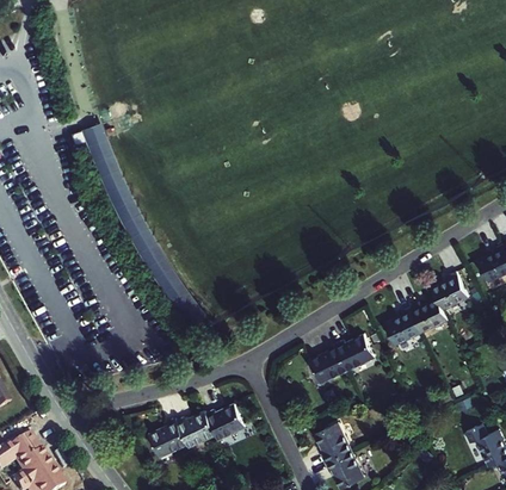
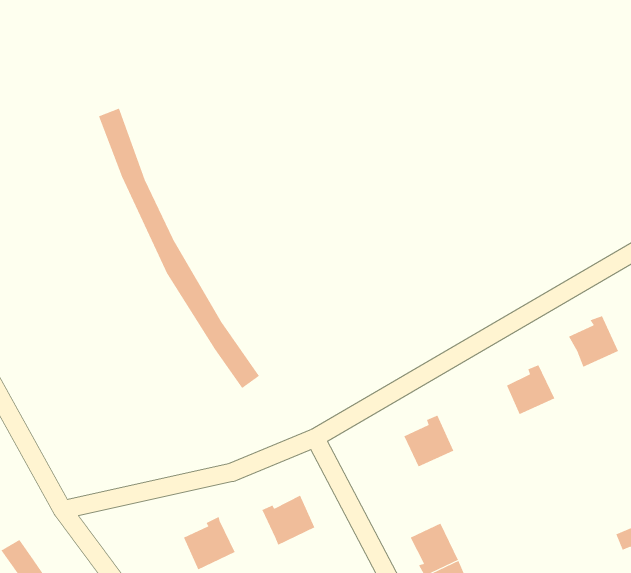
building: [408,298,446,333] -> none
building: [334,335,374,371] -> none
building: [175,411,215,447] -> none

